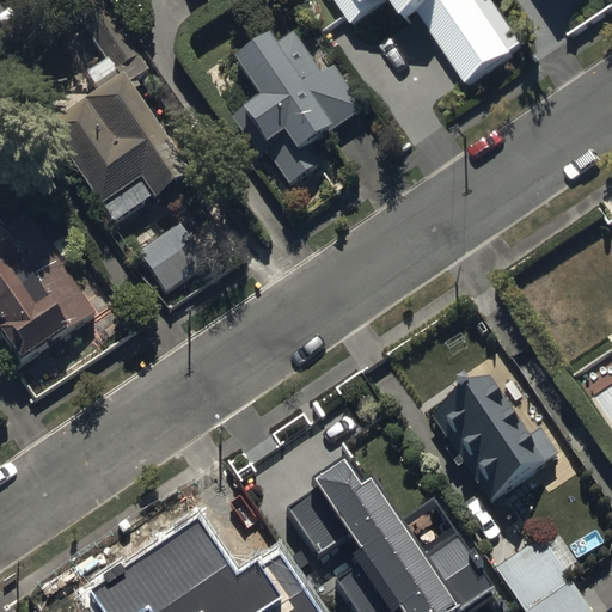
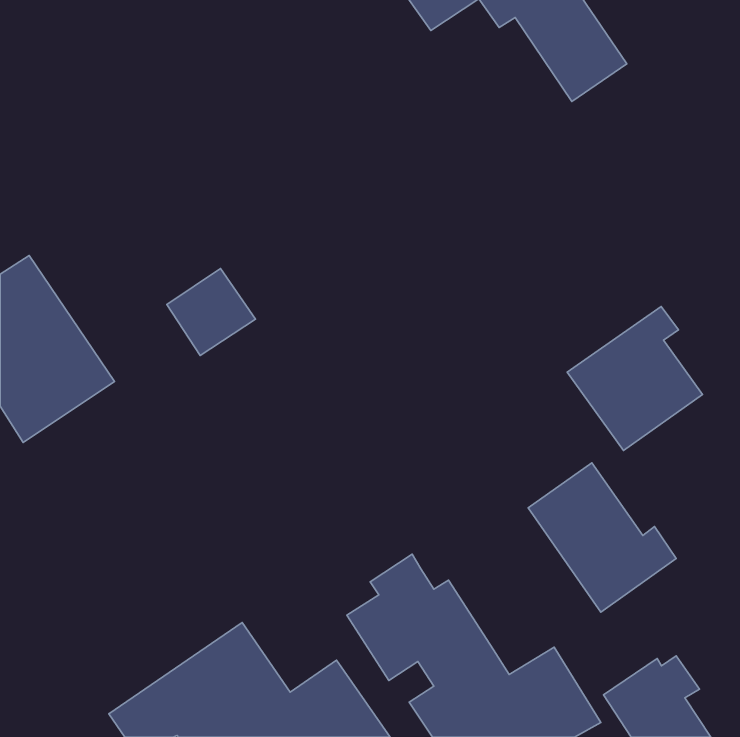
building: [44,5,190,225] -> none
building: [227,27,361,184] -> none
building: none -> [567,306,703,450]

